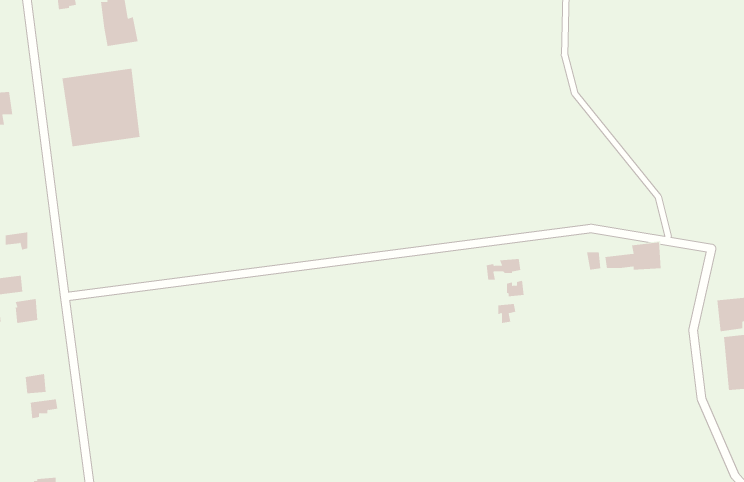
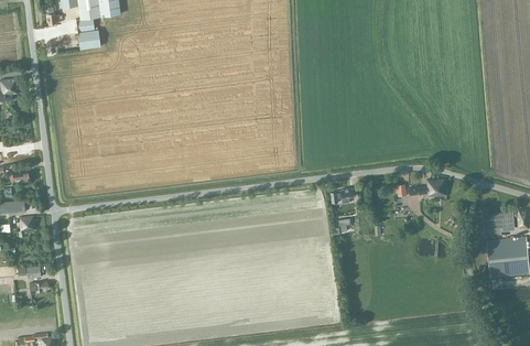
building: [62,68,140,147] -> none

